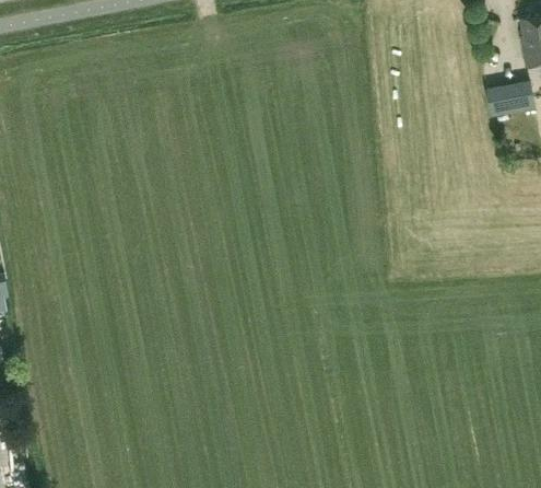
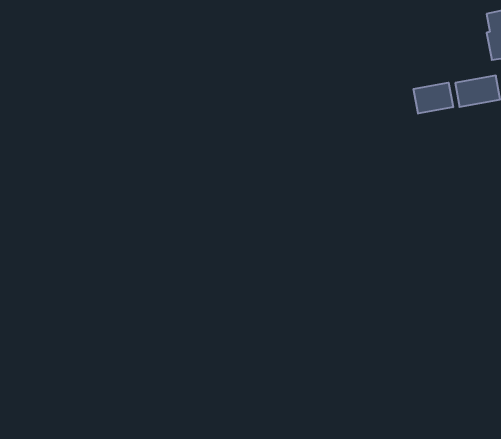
building: none -> [414,83,453,114]

